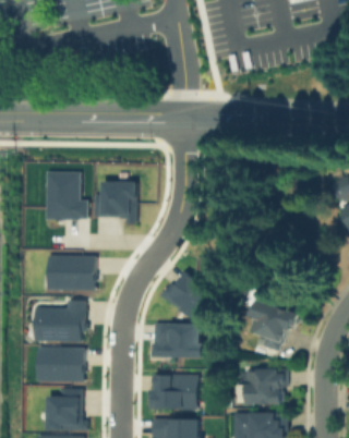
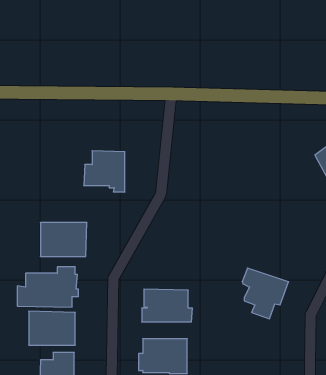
building: [44,172,85,221] -> none
building: [158,271,212,319] -> none
building: [240,372,289,407] -> none

